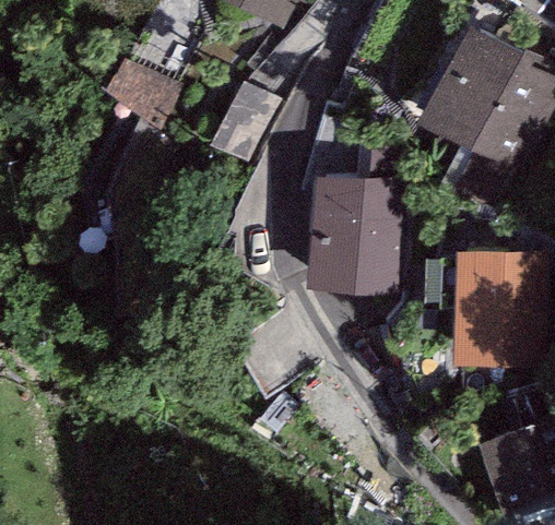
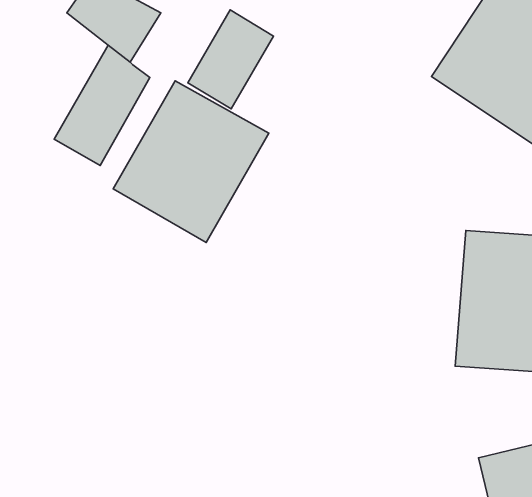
building: [308,135,408,294] -> none
building: none -> [113,81,269,242]

